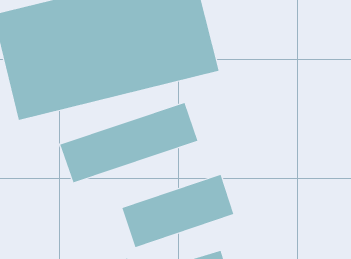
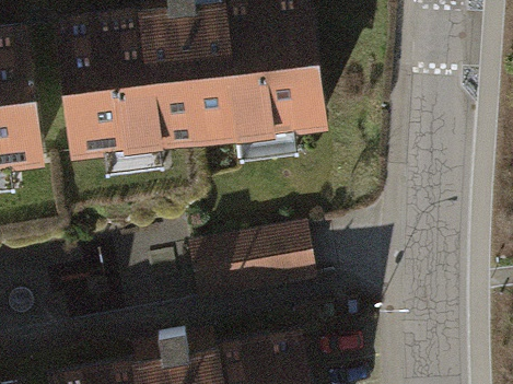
building: [60,102,198,183] -> none

